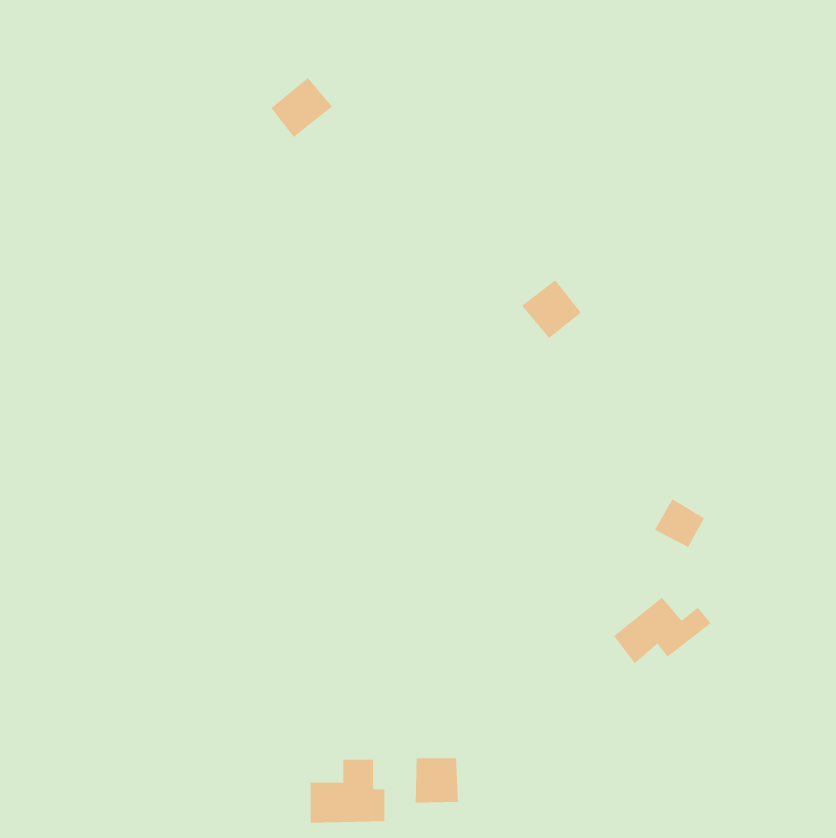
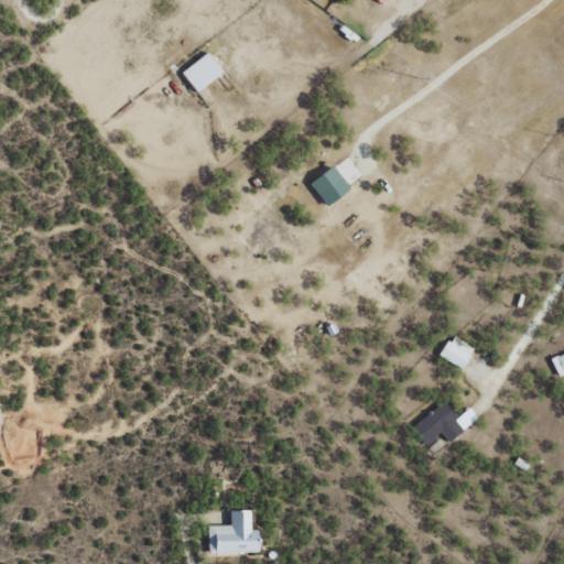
building: [521,280,582,339] -> [311,166,351,206]
building: [415,757,458,803] -> none

